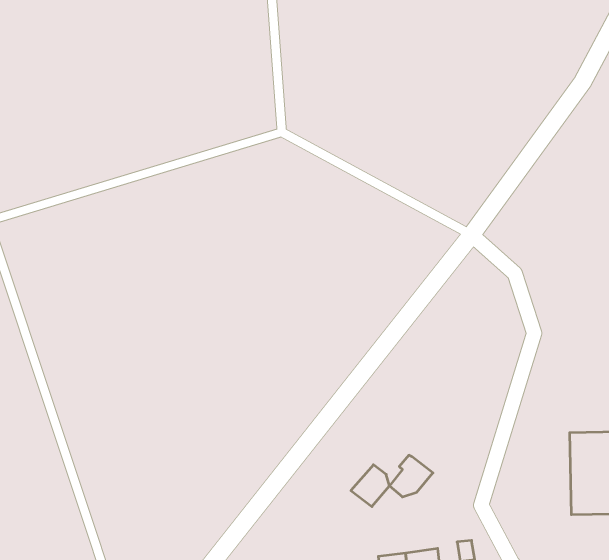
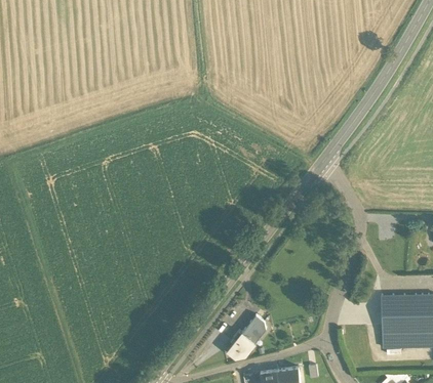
building: [390,455,433,497] -> [227,331,254,357]

